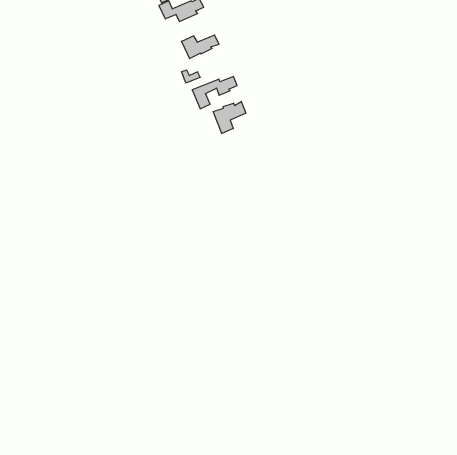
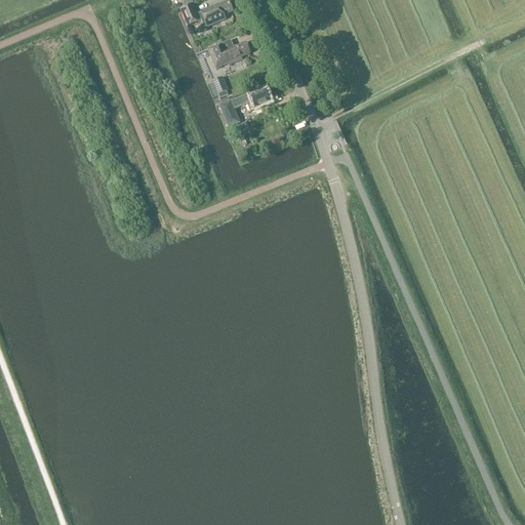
building: [213,101,246,134] -> none

